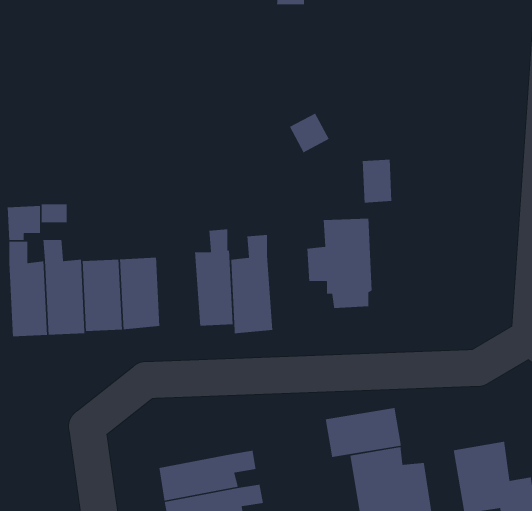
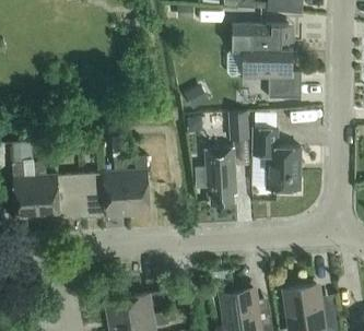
building: none -> [226,25,301,98]
building: none -> [253,129,300,189]
building: [230,234,273,334] -> [103,156,129,217]
building: [325,407,402,458] -> none

